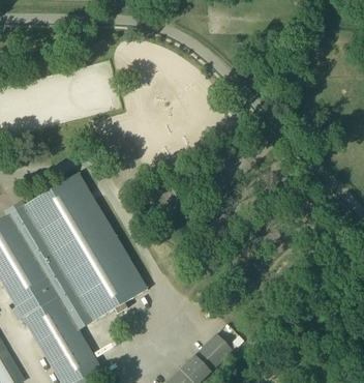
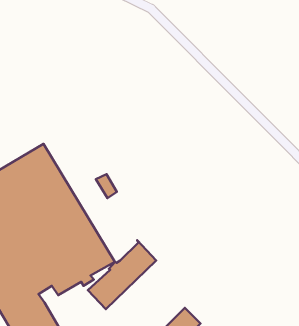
building: none -> [88,240,156,309]

